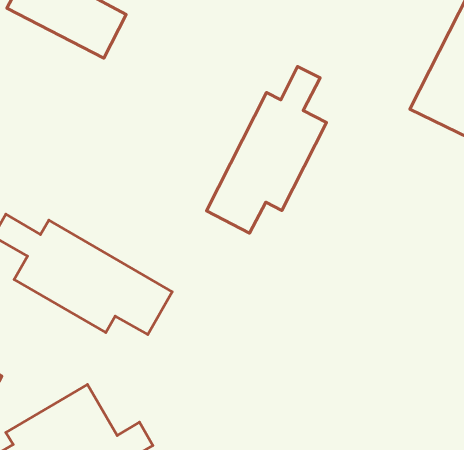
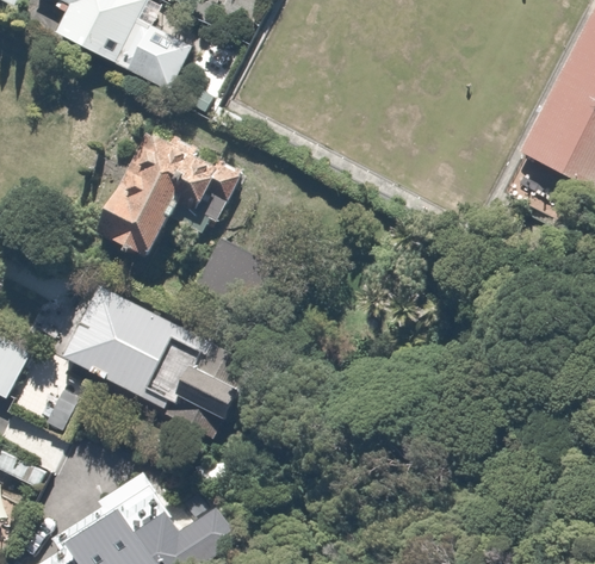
building: [207,66,327,233] -> none
building: none -> [104,124,244,260]

